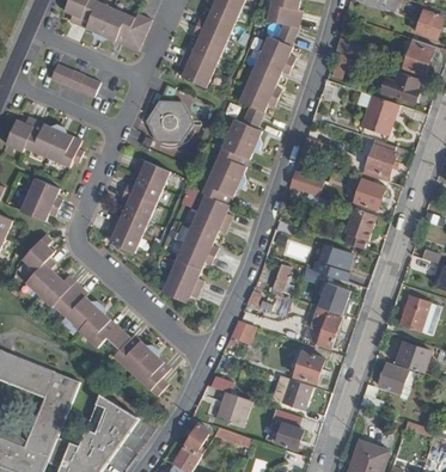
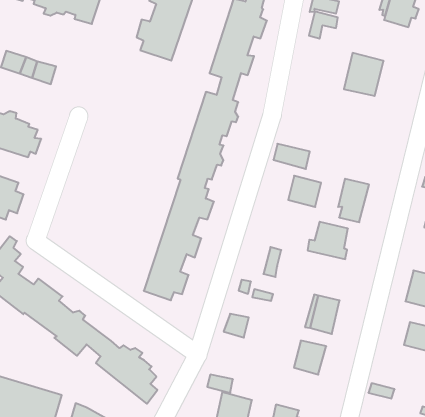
building: [379,72,418,105] -> none
building: [149,104,190,145] -> none
building: [361,141,396,180] -> none
building: [103,159,167,255] -> none
building: [353,179,384,209] -> [288,176,321,207]
building: [317,282,349,315] -> none
building: [377,363,407,393] -> none
building: [279,379,311,410] -> none

